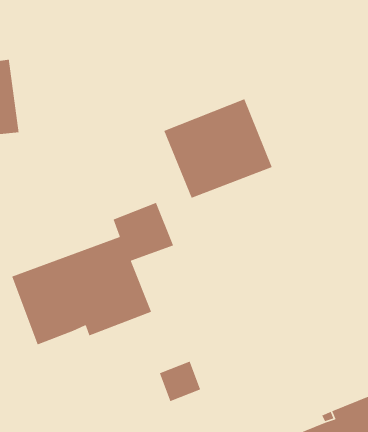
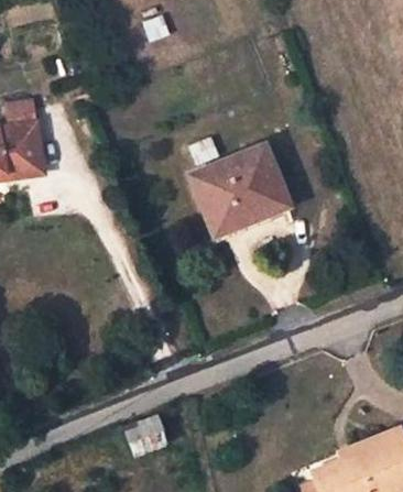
building: [11,202,174,345] -> none
building: [159,361,201,402] -> [124,416,166,457]

